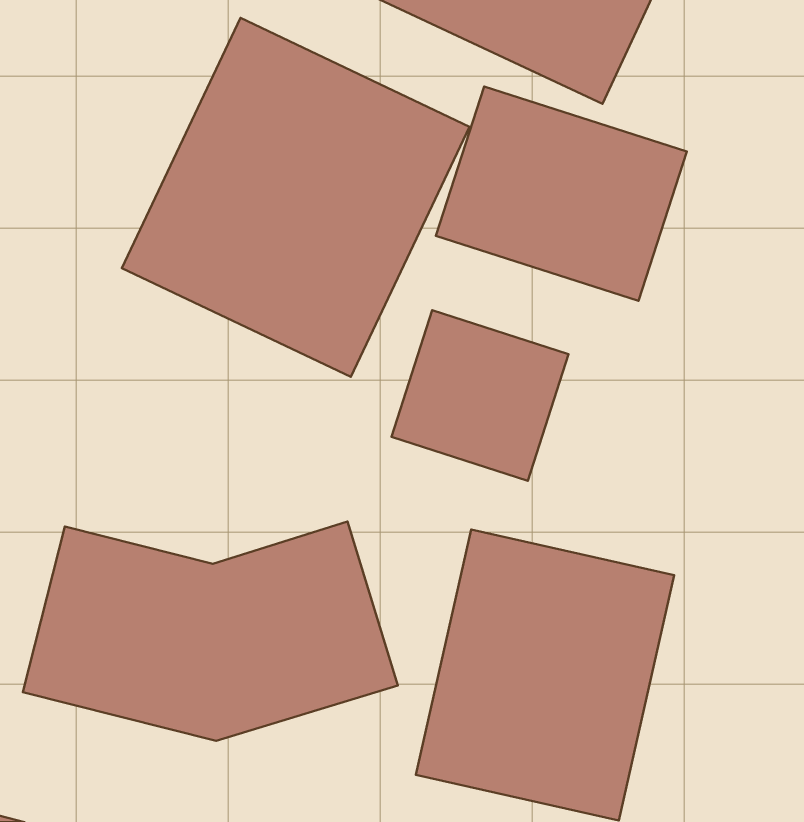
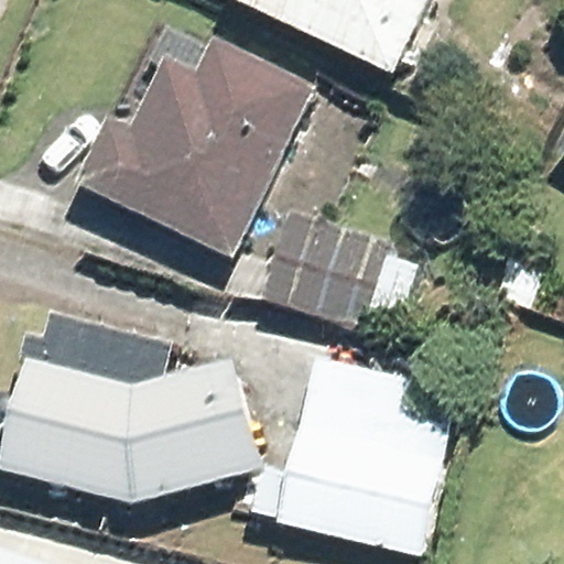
building: [436,87,687,301] -> none

